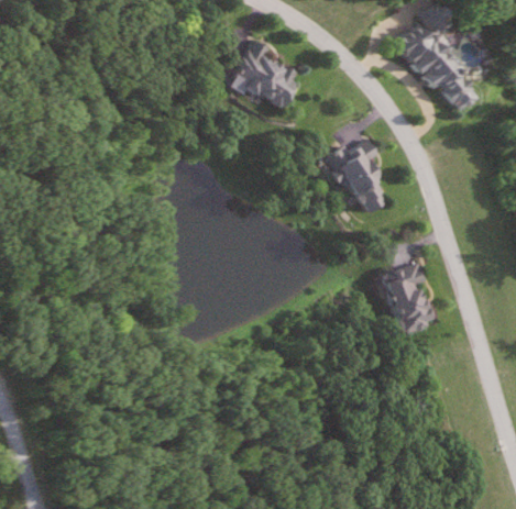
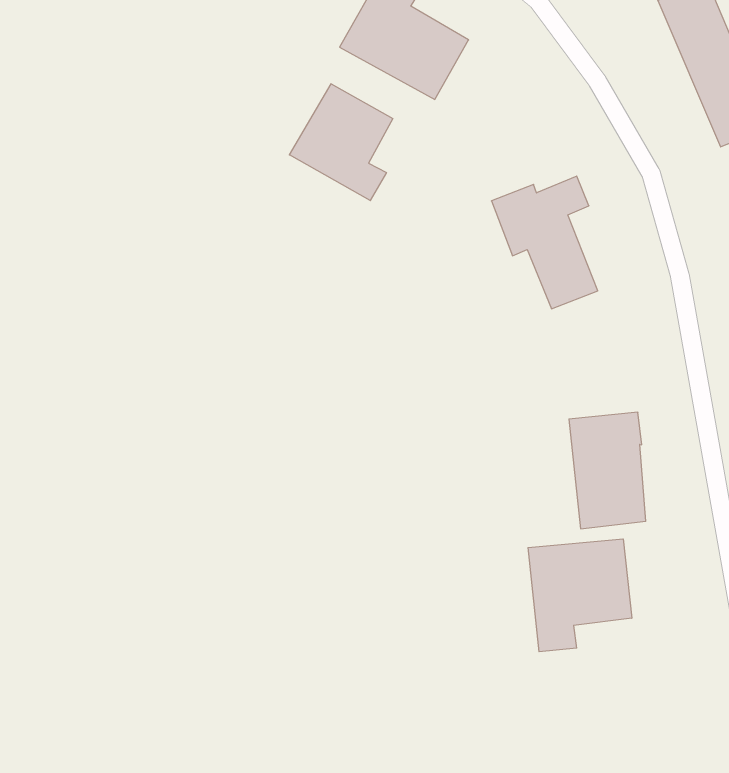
building: none -> [289,84,393,201]
building: none -> [528,539,632,652]

